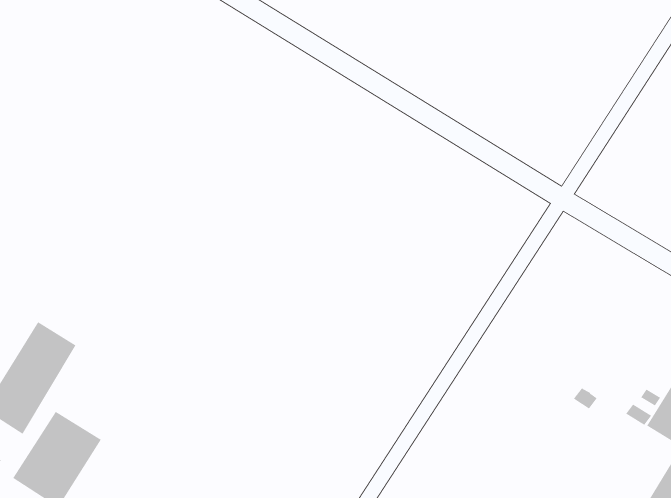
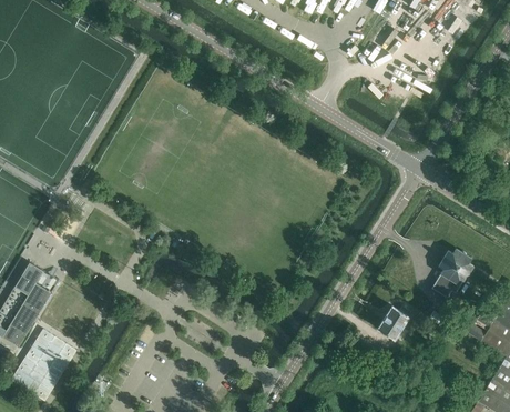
building: none -> [432,249,473,298]
building: none -> [378,305,410,339]

